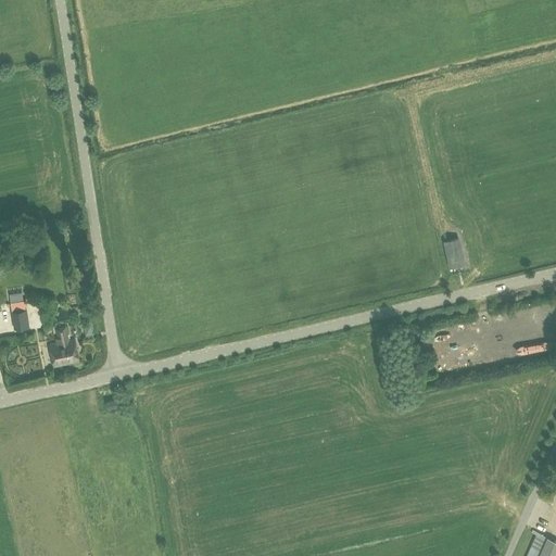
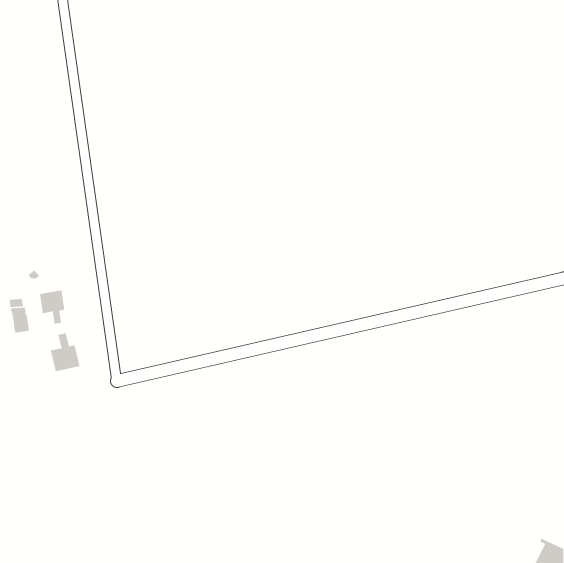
building: [443,238,465,268] -> none
building: none -> [39,290,65,325]

